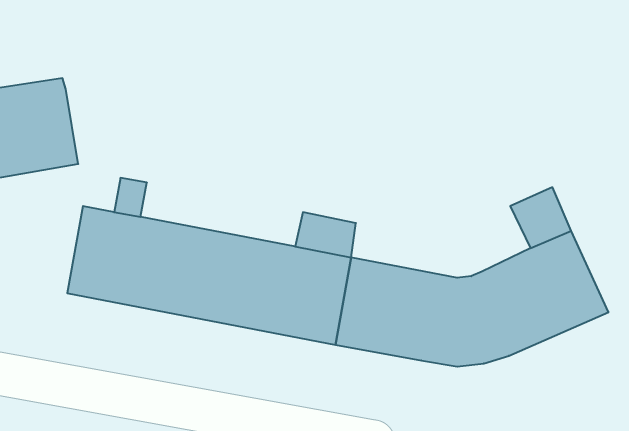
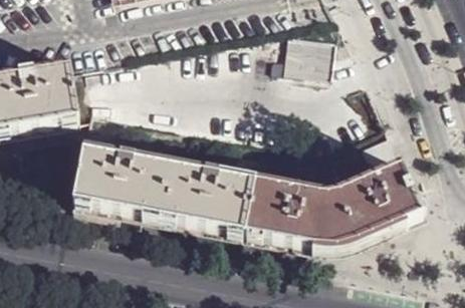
building: none -> [279,35,330,79]

